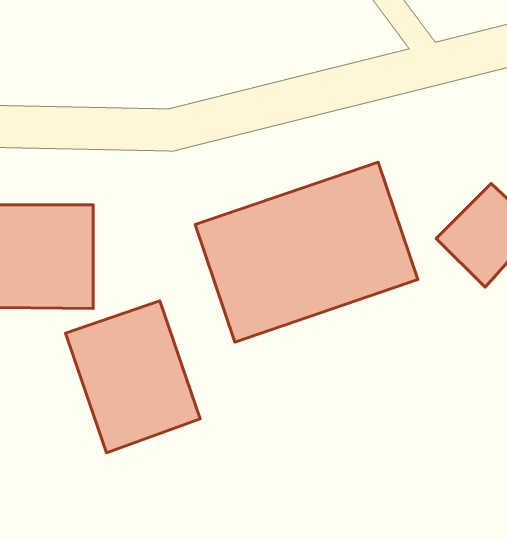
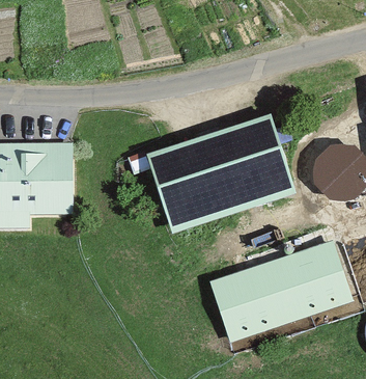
building: [66,301,200,453] -> none
building: none -> [209,241,351,345]

